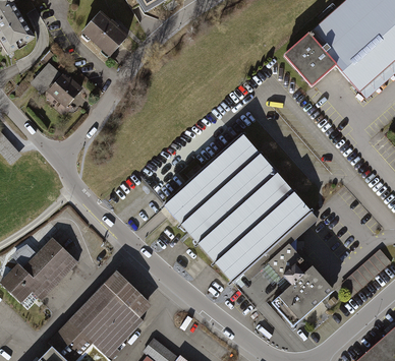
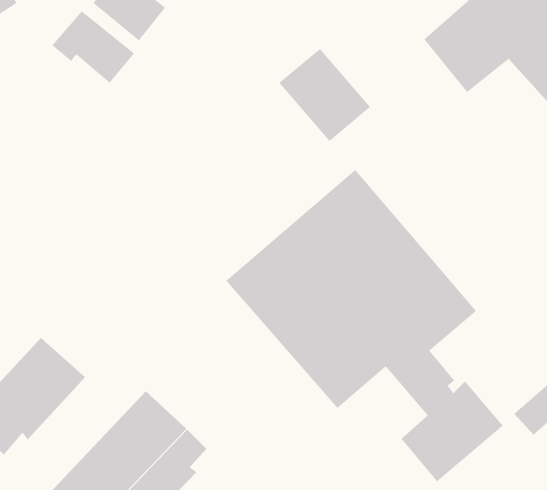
building: none -> [279,48,371,142]
building: [31,61,81,106] -> [52,10,135,84]

